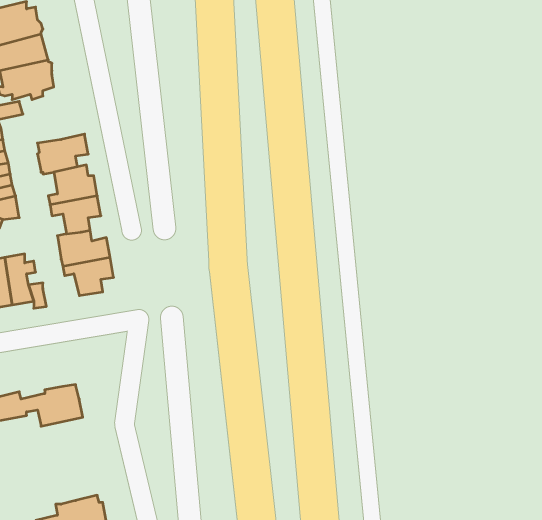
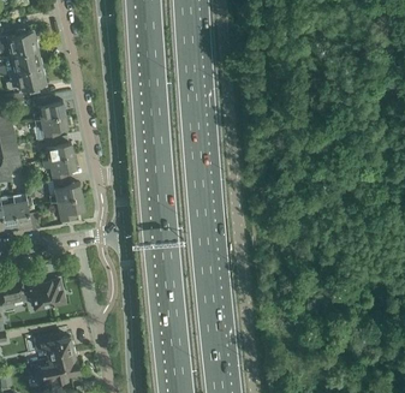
building: none -> [32,95,65,120]
building: none -> [36,334,73,359]

